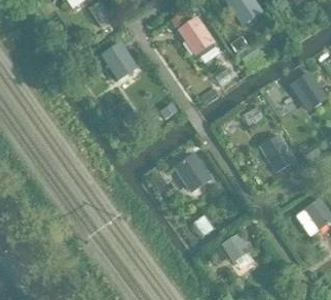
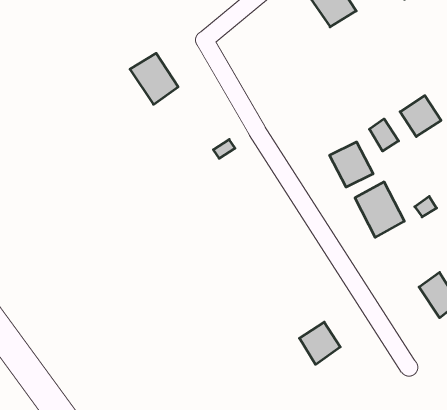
building: [178,15,215,55] -> none
building: none -> [330,142,373,187]
building: [173,151,213,192] -> none

